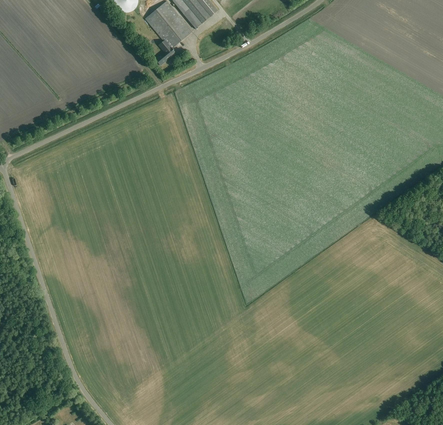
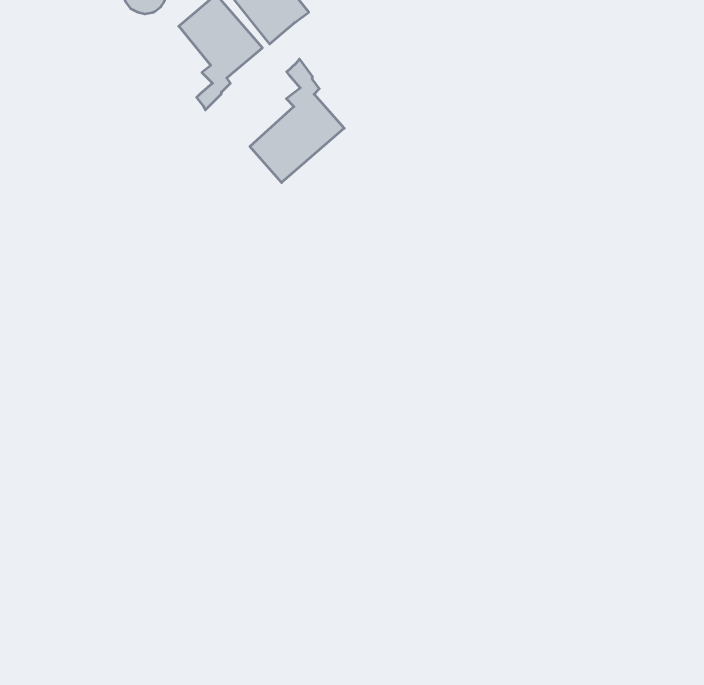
building: none -> [250,59,344,183]

